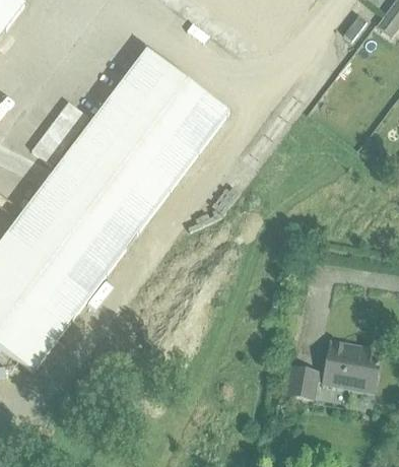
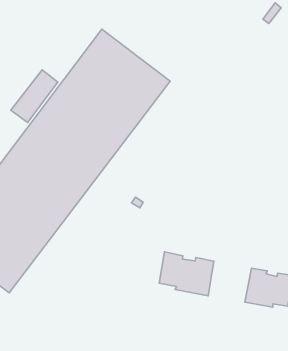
building: none -> [159,252,214,296]
building: [286,365,318,399] -> none

